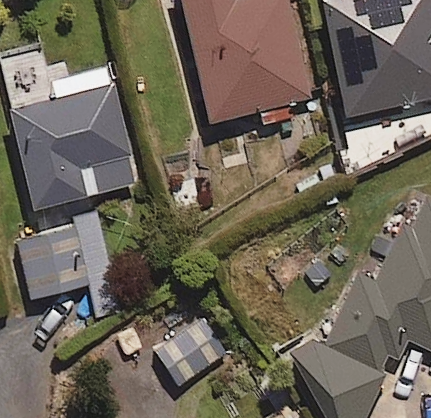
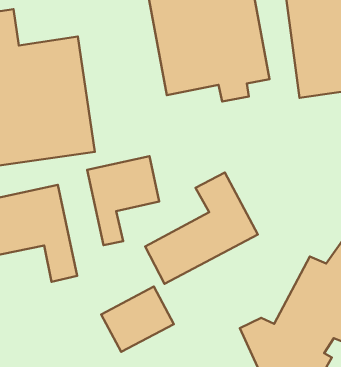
building: none -> [87,156,159,245]
building: none -> [145,173,258,284]

